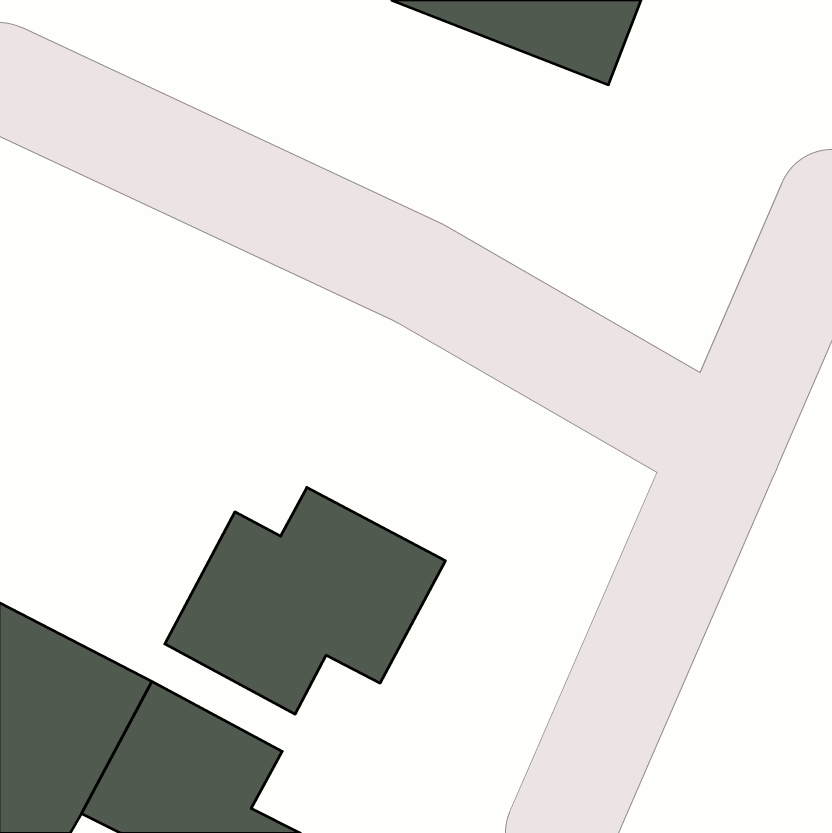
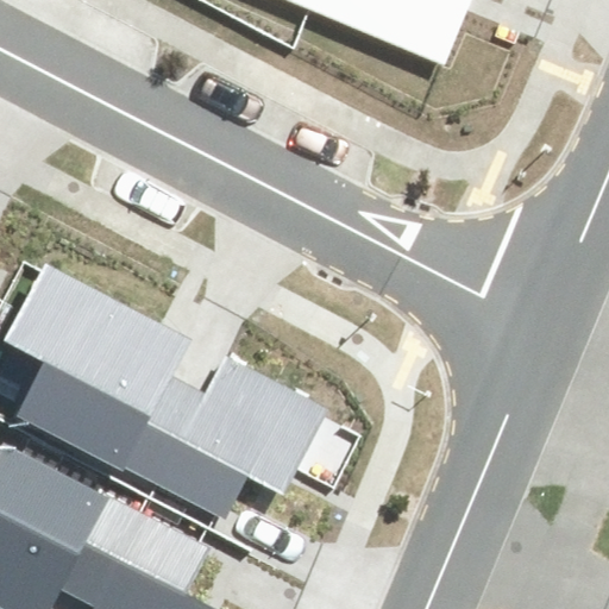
building: none -> [6,259,193,470]

